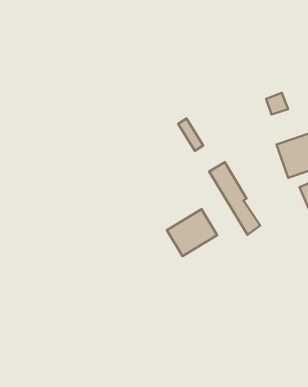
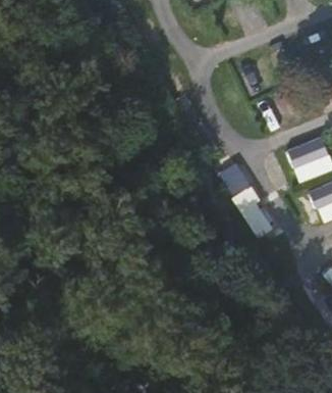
building: [167,209,217,256] -> none

